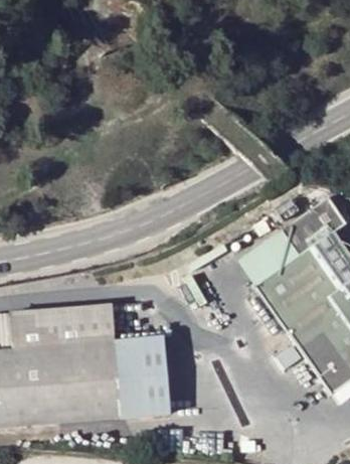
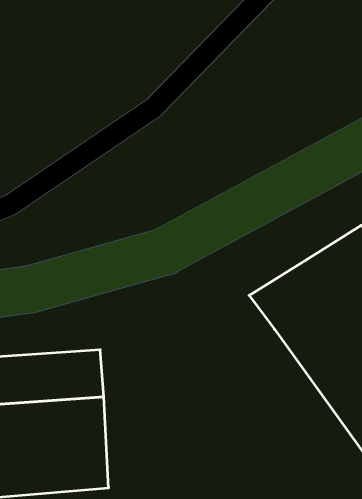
building: [115,337,167,417] -> none

